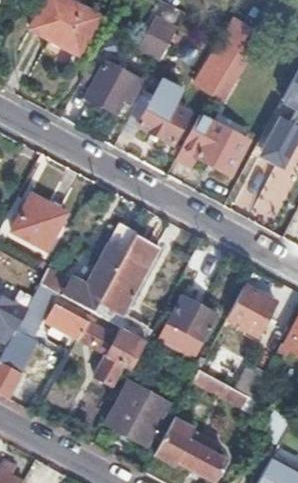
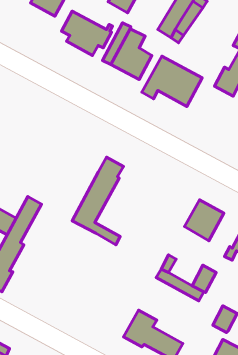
building: [13,194,68,250] -> none
building: [62,227,133,312] -> none
building: [161,296,217,353] -> none
building: [46,303,146,385] -> none
building: [106,381,169,445] -> none

